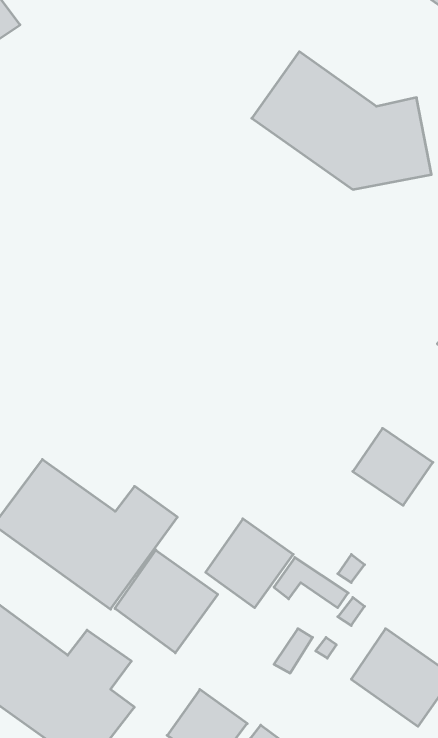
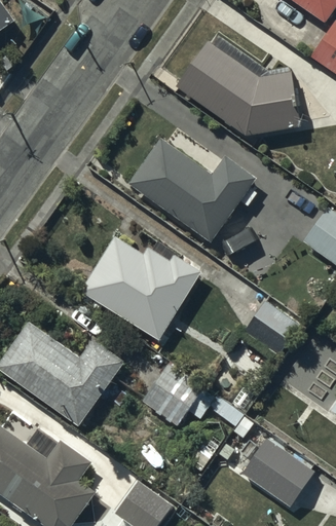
building: none -> [127,138,255,241]
building: none -> [79,235,200,340]
building: [115,550,218,653] -> none

